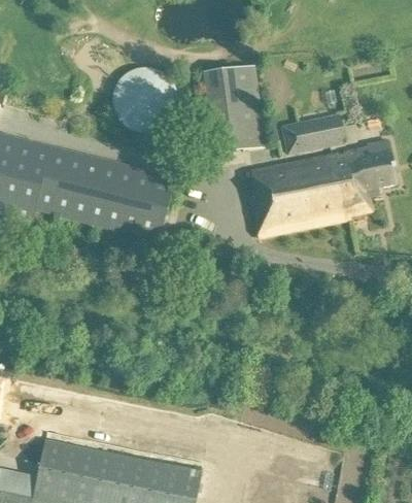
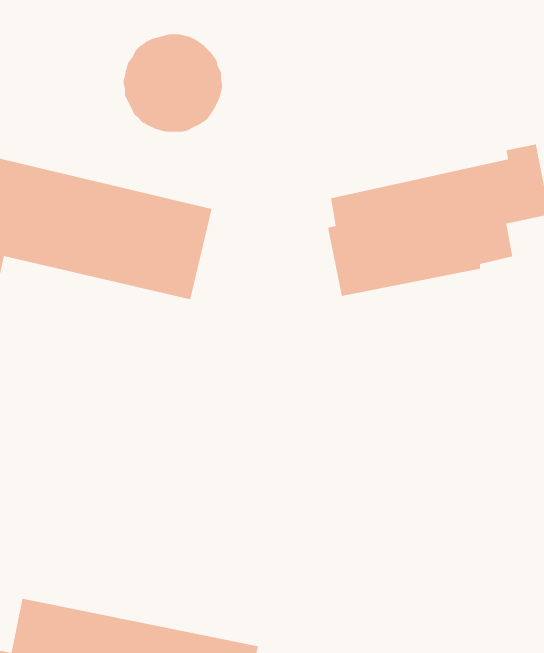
building: [204,64,267,155] -> none
building: [281,115,345,158] -> none

